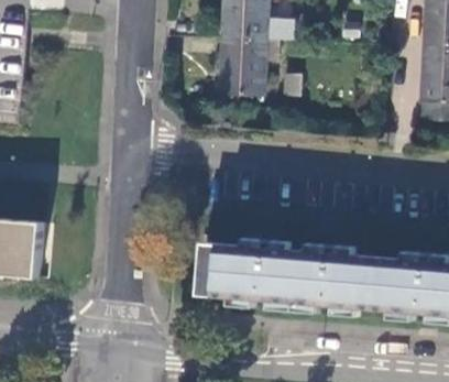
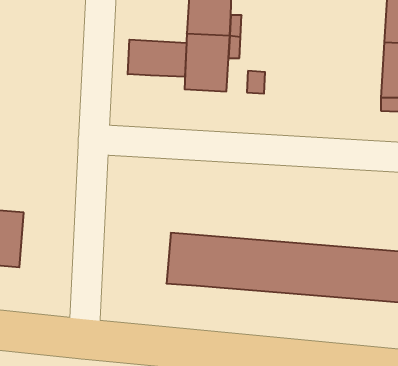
building: none -> [128,40,186,77]

